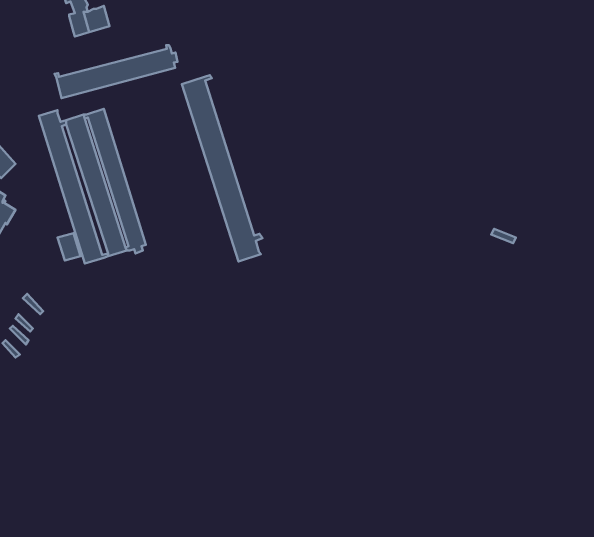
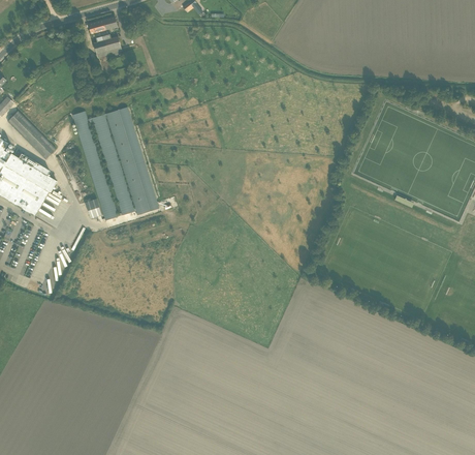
building: [55,45,177,98] -> none
building: [182,75,262,261] -> none

